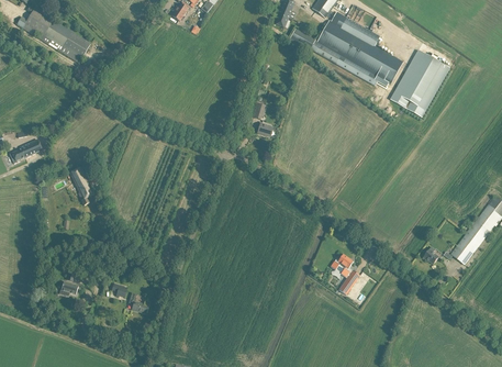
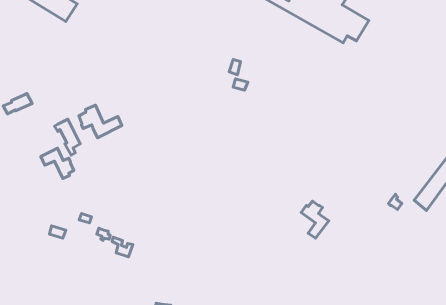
building: [390,48,450,116] -> none
building: none -> [79,105,122,138]
building: none -> [41,148,74,179]

